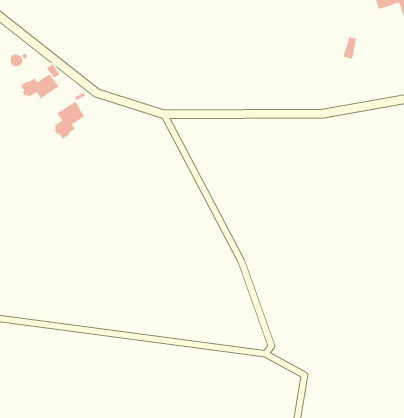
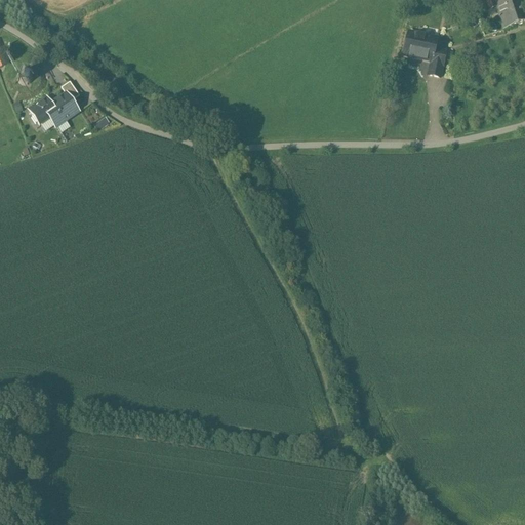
building: none -> [403,30,437,59]
building: [53,101,85,140] -> none

